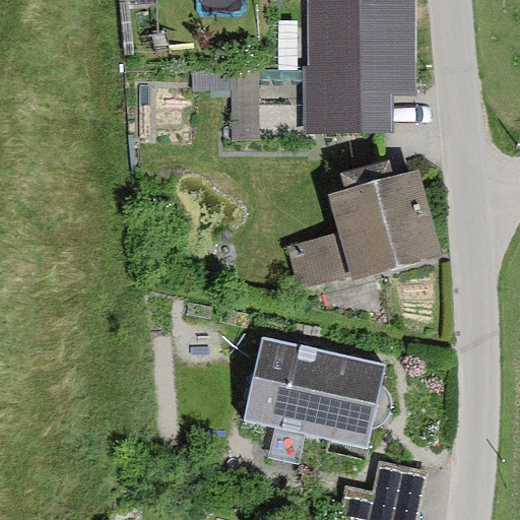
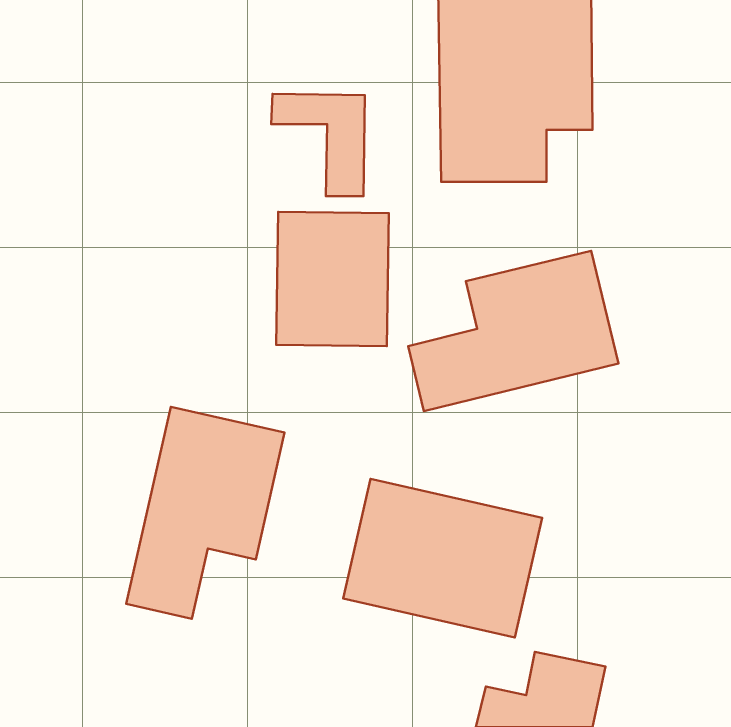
building: none -> [276,212,389,346]
building: none -> [126,407,284,619]

